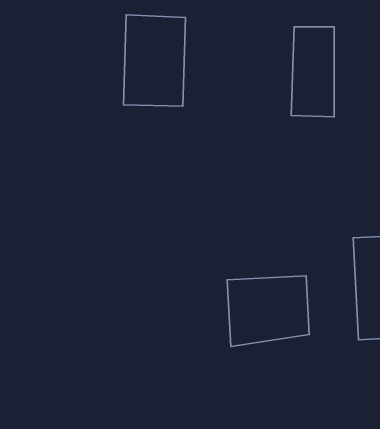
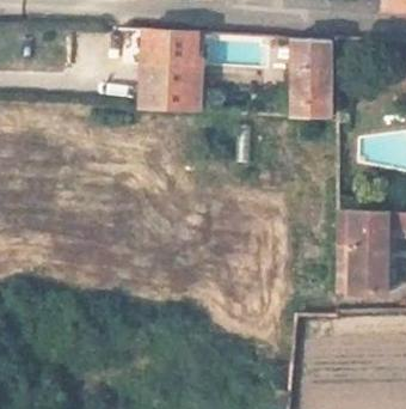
building: [227,276,309,347] -> none

